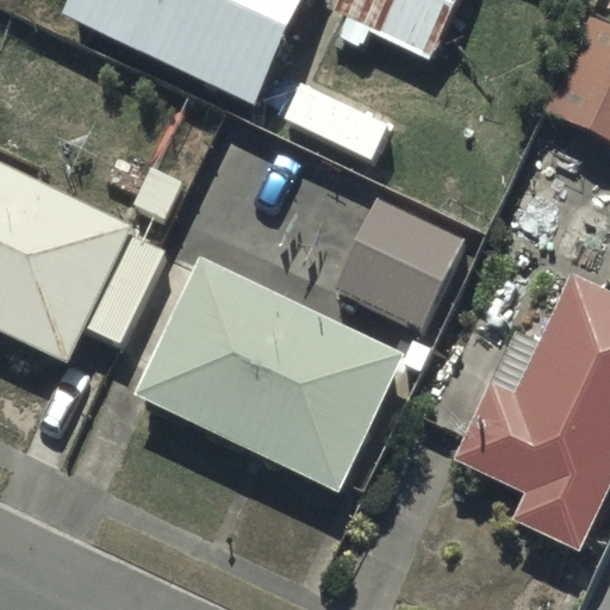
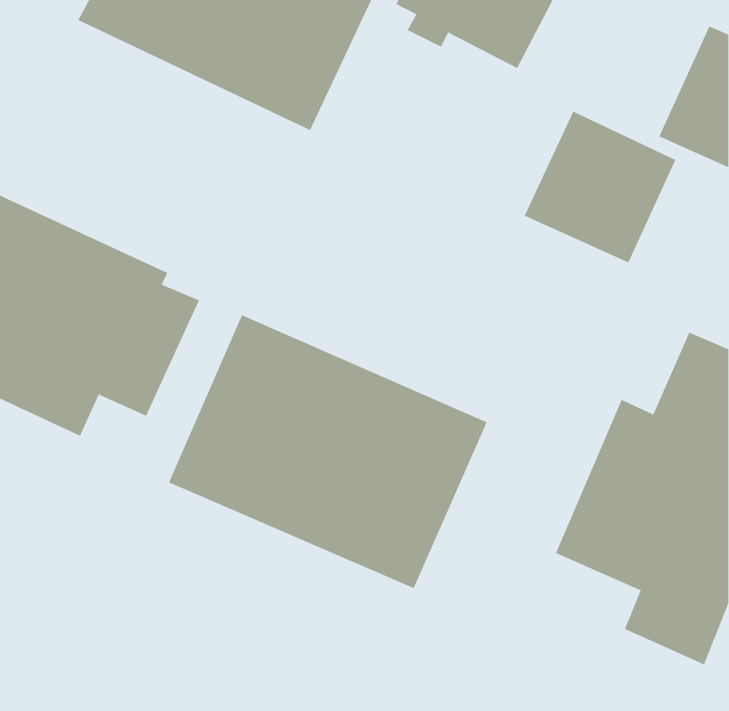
building: [338,194,465,320] -> [524,111,676,263]

